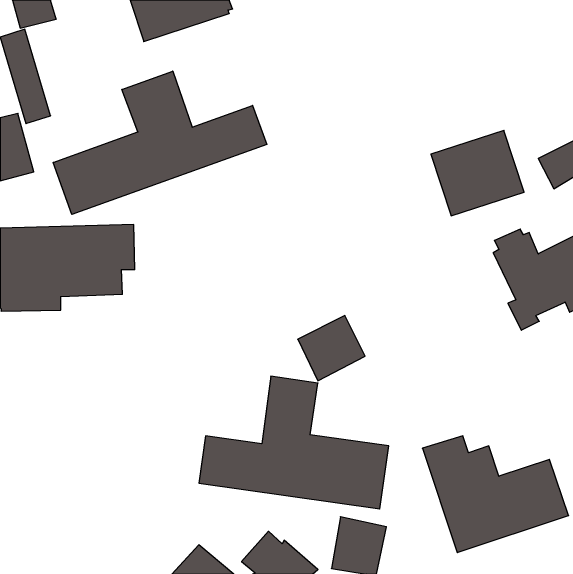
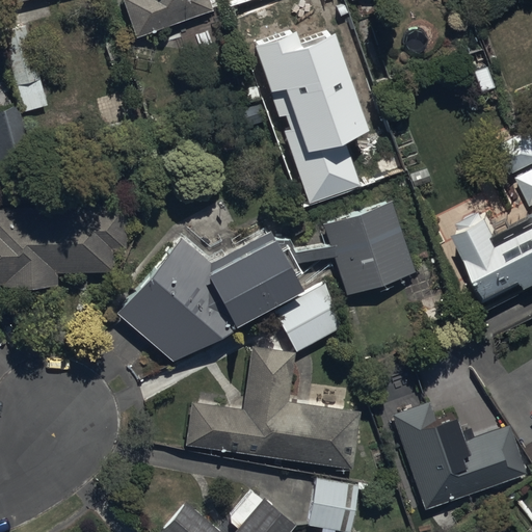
building: none -> [256,28,371,202]
building: [53,71,267,214] -> none
building: [431,130,524,216] -> [327,215,414,294]
building: none -> [116,233,302,362]

